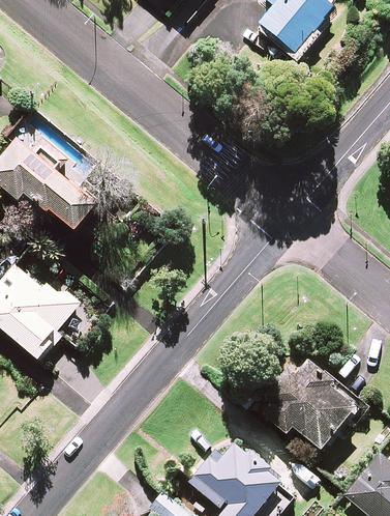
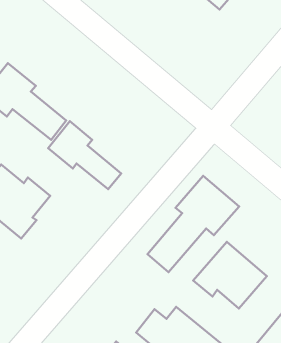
building: none -> [48,121,121,189]
building: none -> [148,176,239,272]

